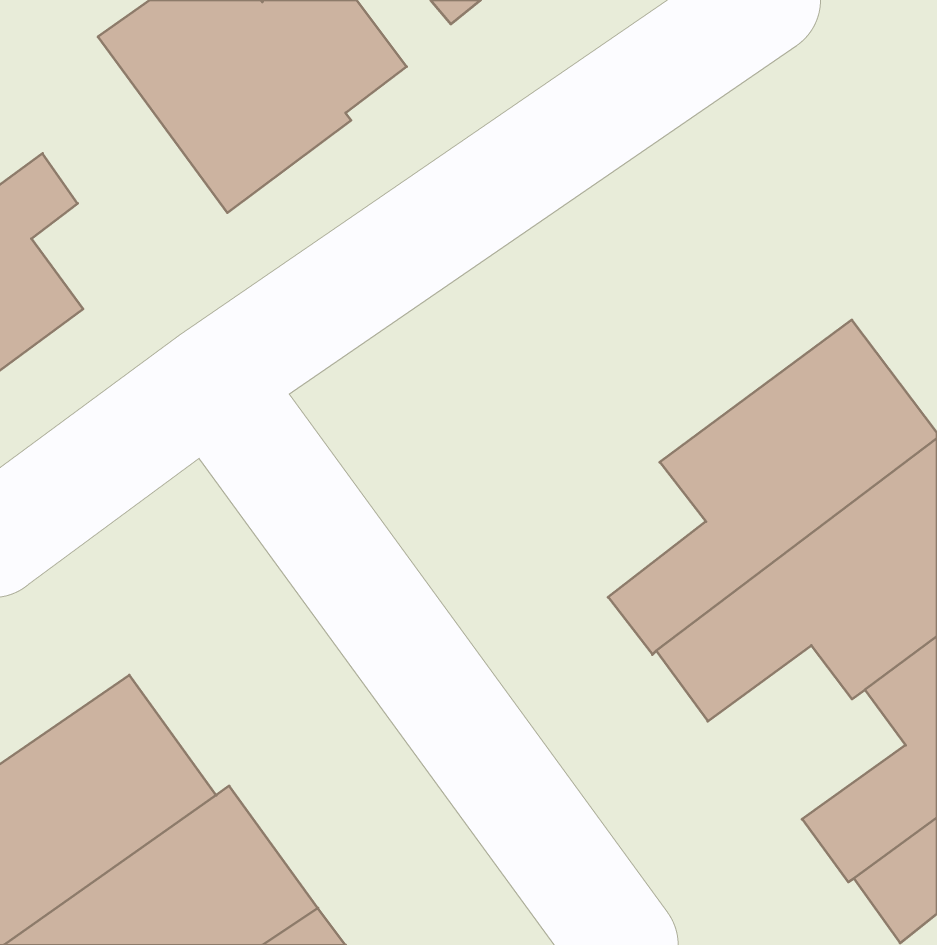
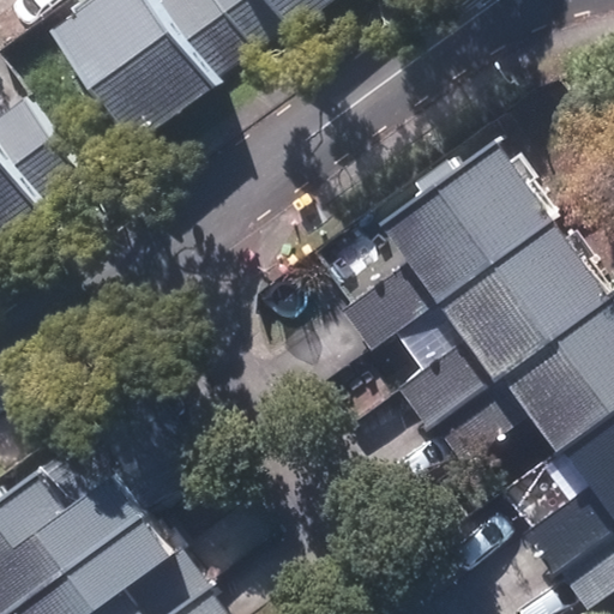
building: none -> [338,131,553,347]

